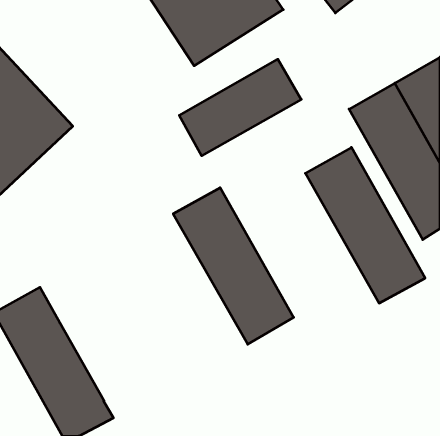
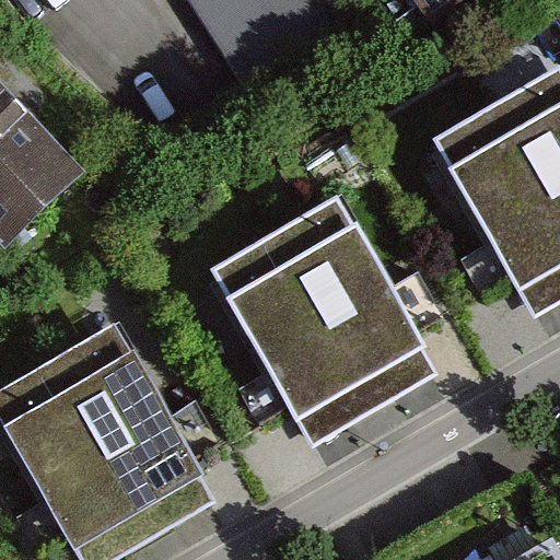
building: [179,59,301,156] -> none
building: [305,147,425,303] -> [278,205,429,401]
building: none -> [50,330,201,528]

